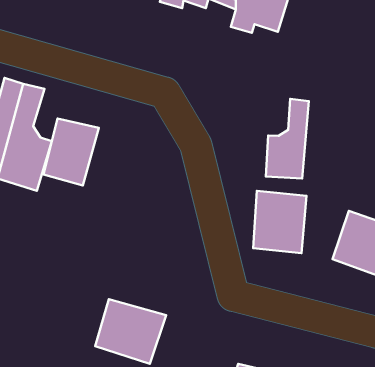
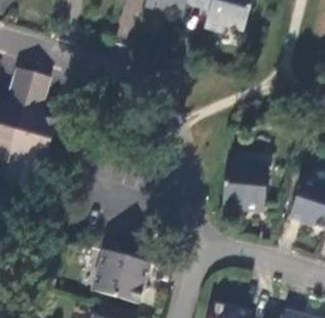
building: [266,99,309,179] -> none
building: [43,119,99,186] -> none

